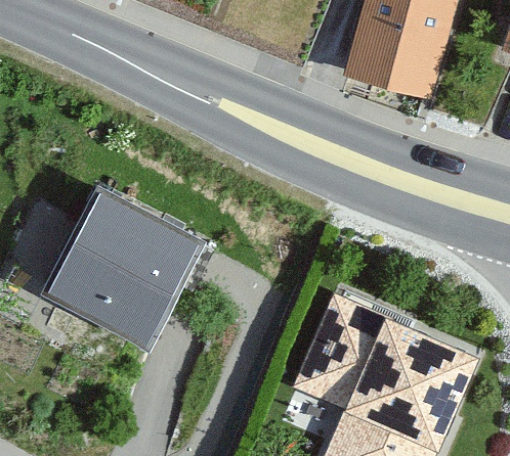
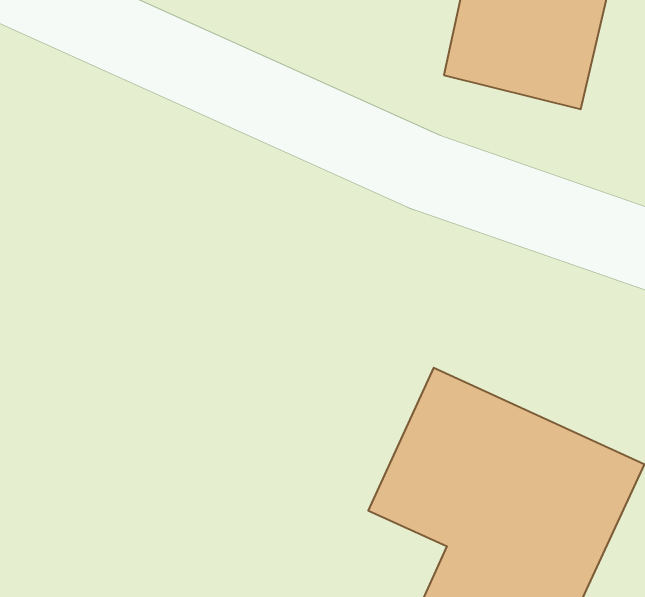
building: [45,189,206,350] -> none

